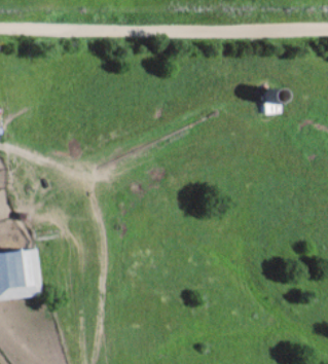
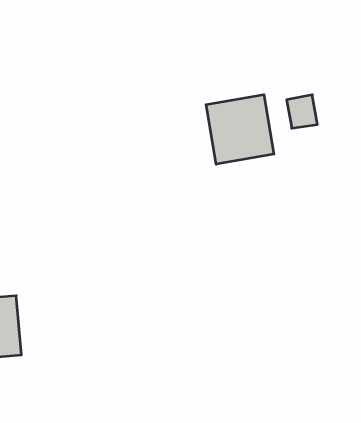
building: none -> [206,95,274,164]

